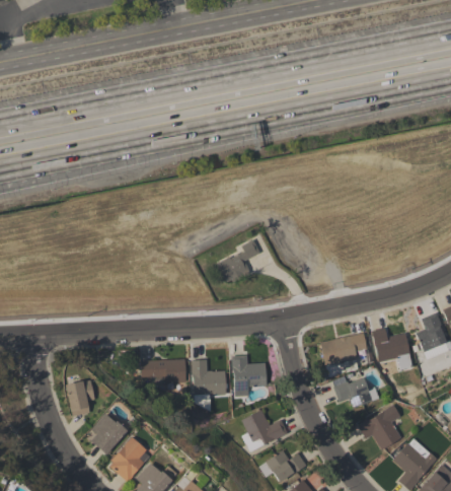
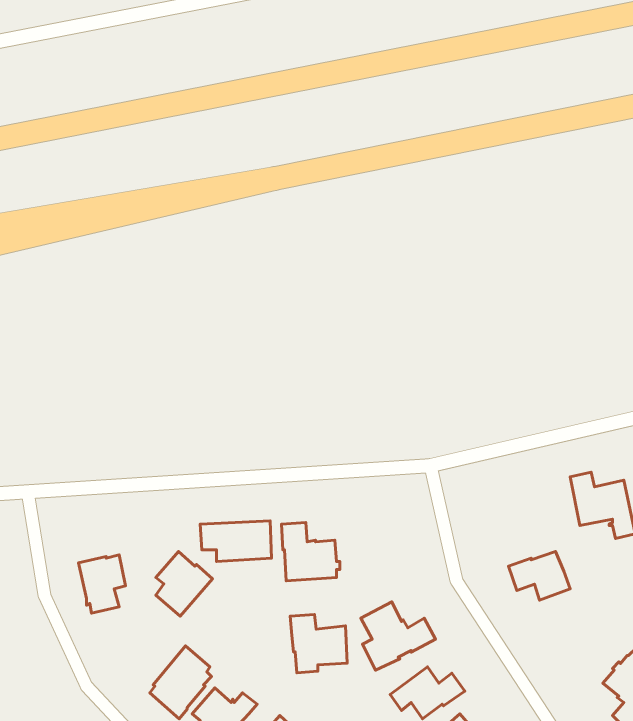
building: [218,239,259,282] -> none
building: [320,332,367,364] -> none
building: [231,355,267,392] -> [290,614,347,673]
building: [358,404,401,449] -> none
building: [91,413,127,453] -> [156,551,213,616]

